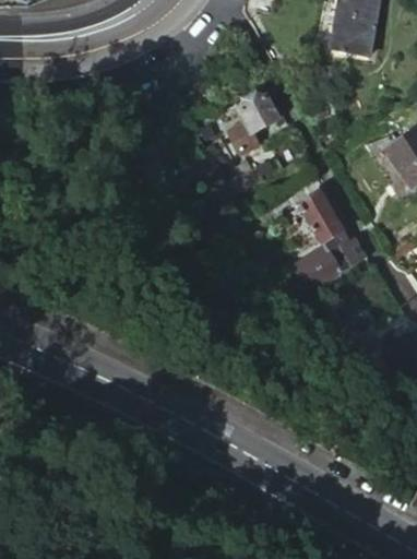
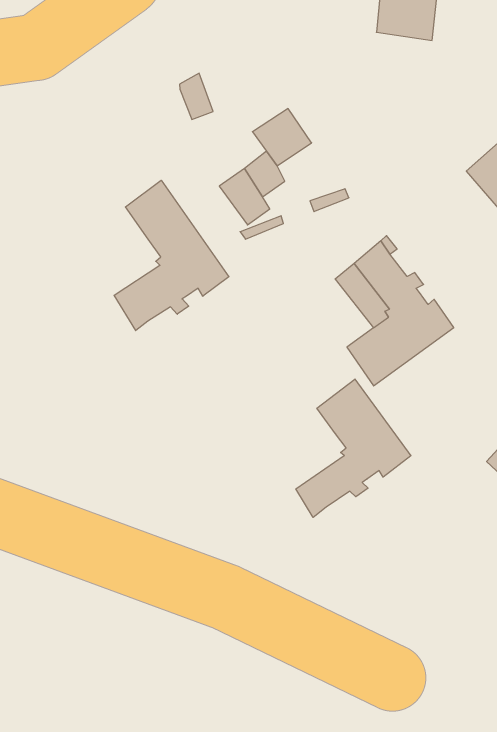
building: none -> [114,180,229,331]
building: none -> [296,379,411,517]

